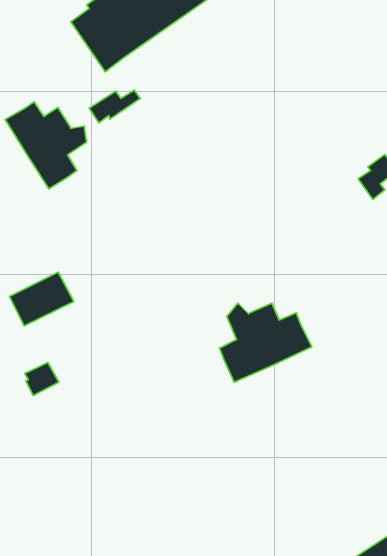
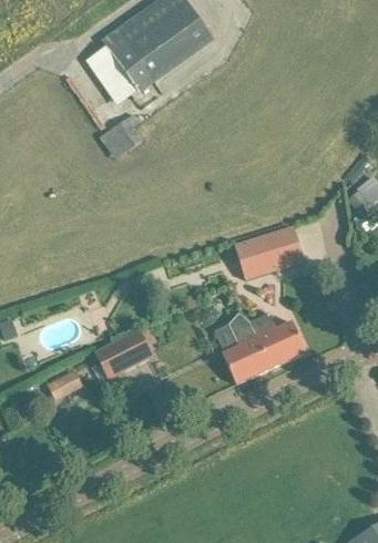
building: [5,102,86,189] -> none
building: none -> [235,227,305,279]
building: [9,272,74,326] -> [95,329,154,378]

